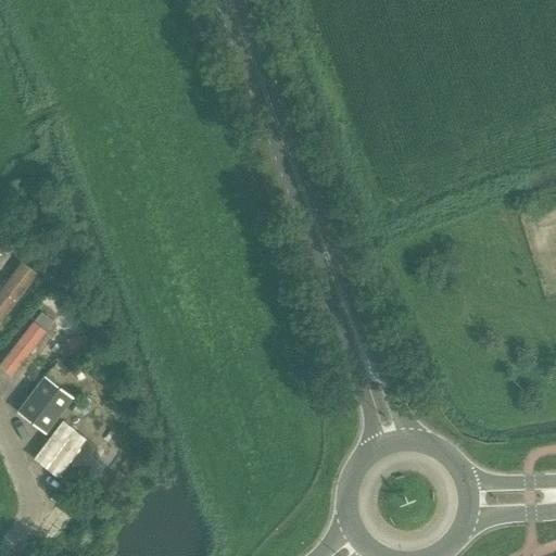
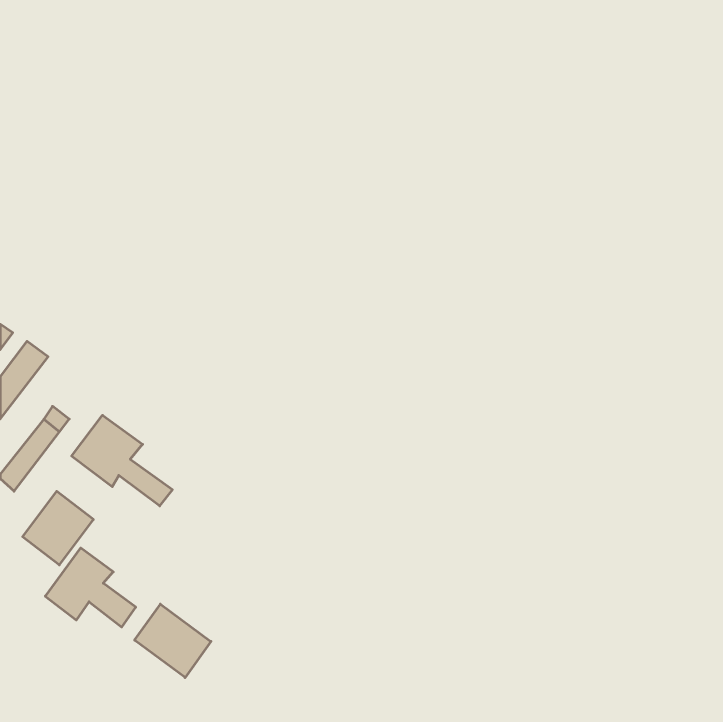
building: none -> [72,415,172,506]
building: none -> [135,604,211,678]

